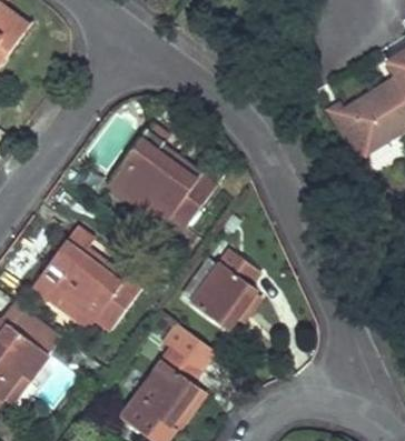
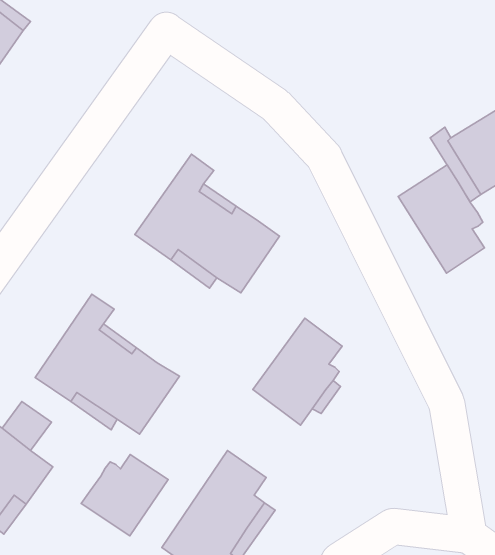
building: none -> [398,165,485,273]
building: none -> [81,454,168,536]

